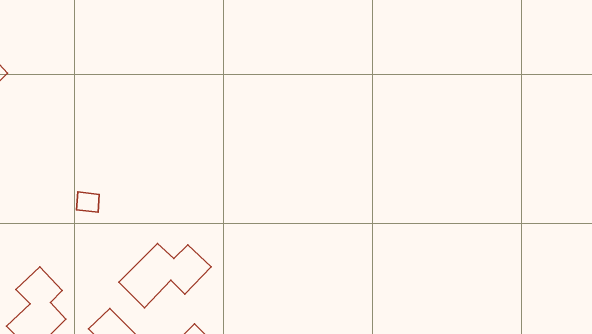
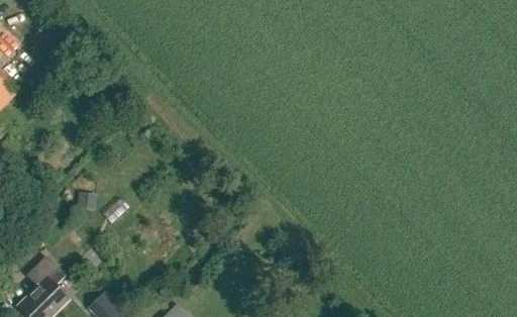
building: [119,244,211,308] -> none

